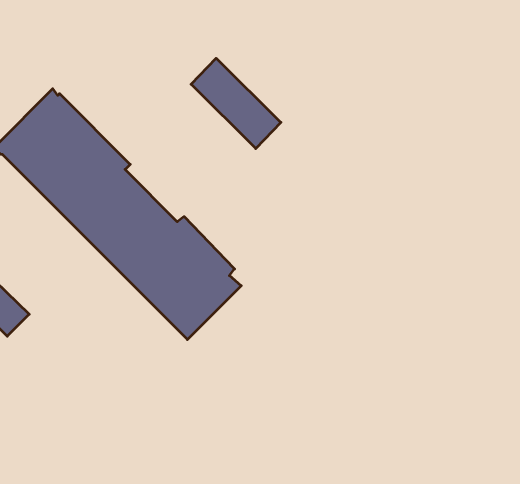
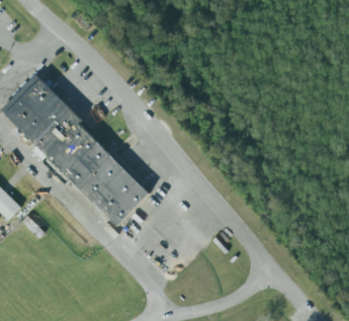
building: [191,58,281,149] -> none

